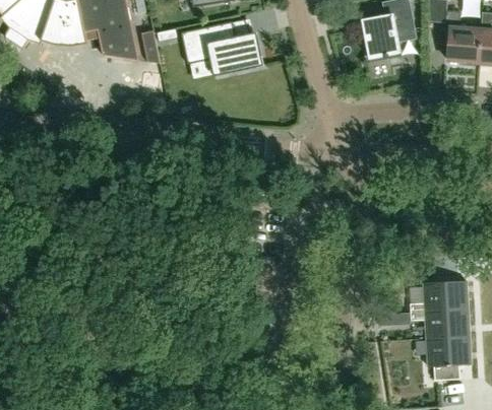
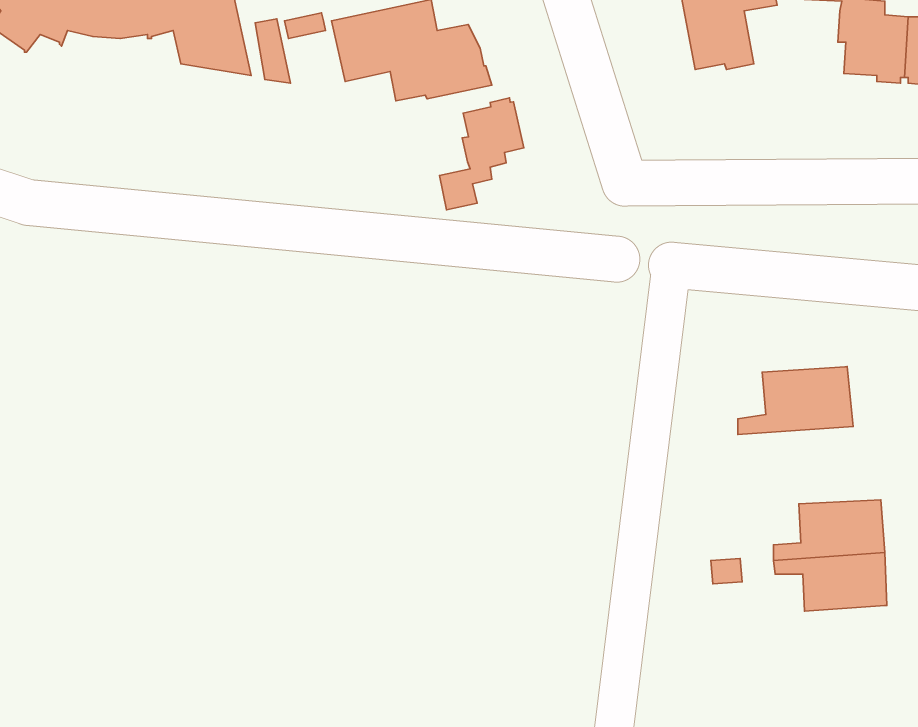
building: none -> [440,98,524,210]
building: none -> [738,366,853,435]
building: [427,336,472,381] -> none

